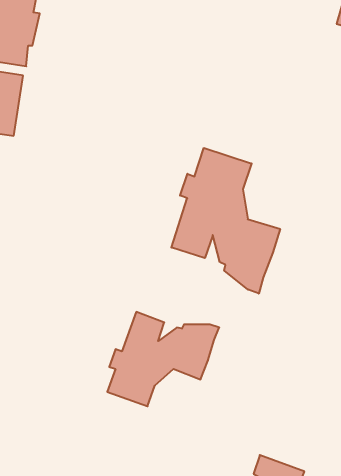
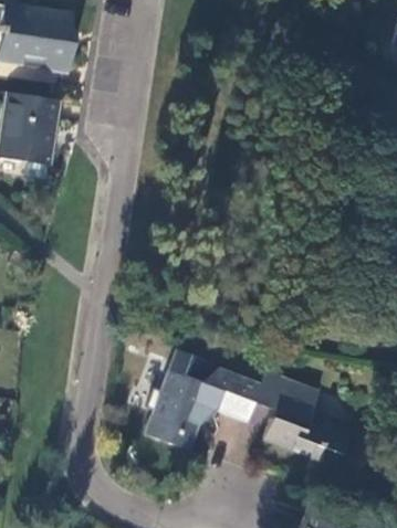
building: [171,148,280,294] -> none
building: none -> [254,368,348,461]

